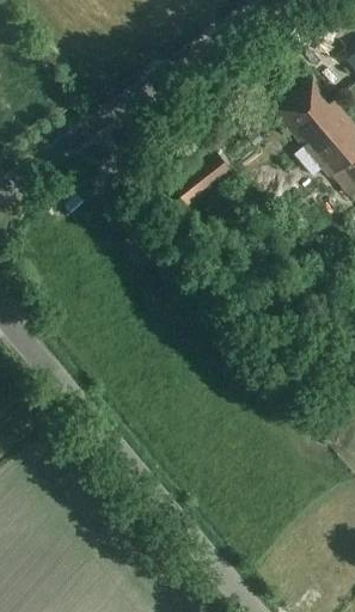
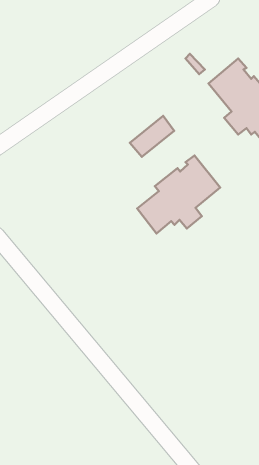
building: none -> [137,155,220,233]

